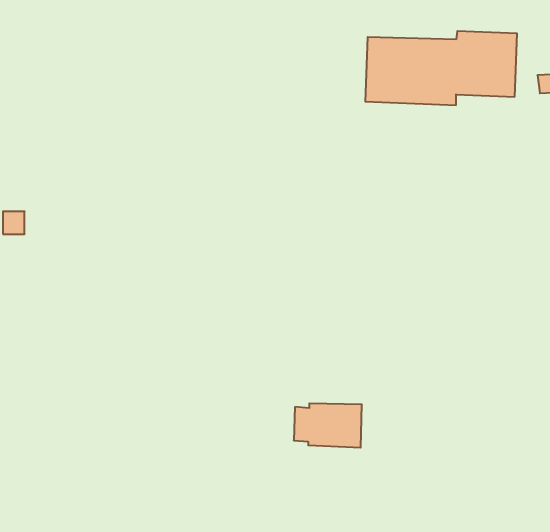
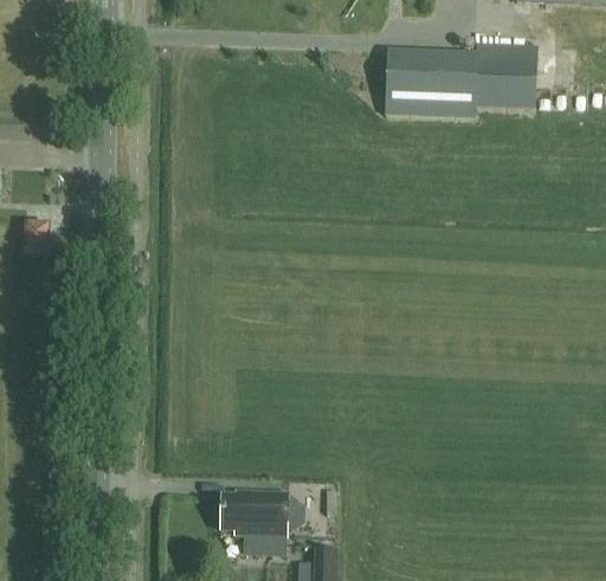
building: [294,403,362,448] -> [221,491,289,535]

